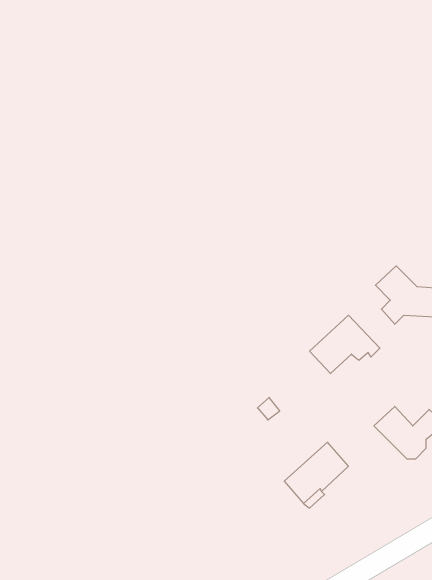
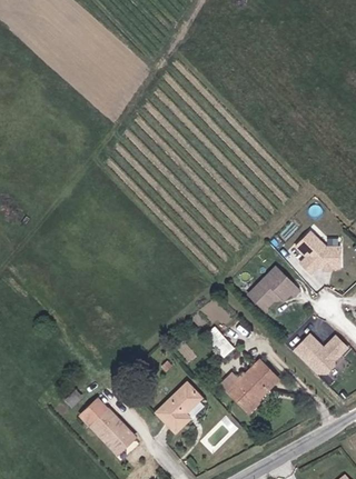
building: none -> [157,382,199,430]
building: none -> [81,396,137,452]

